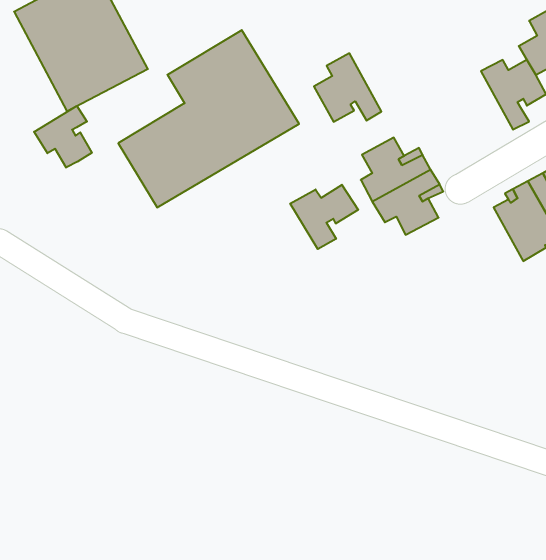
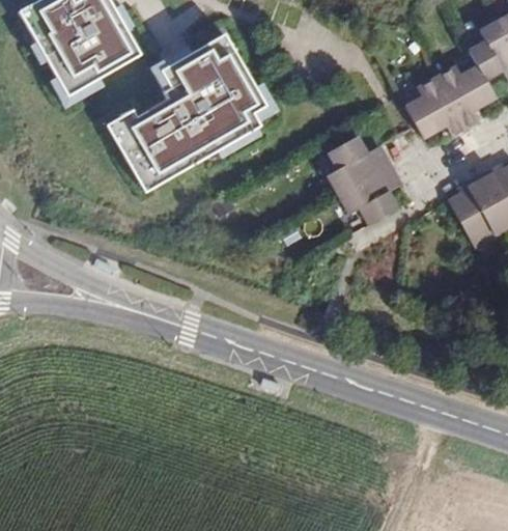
building: [314,53,381,122] -> [405,73,467,135]
building: [34,106,92,168] -> none
building: [290,185,358,249] -> none

